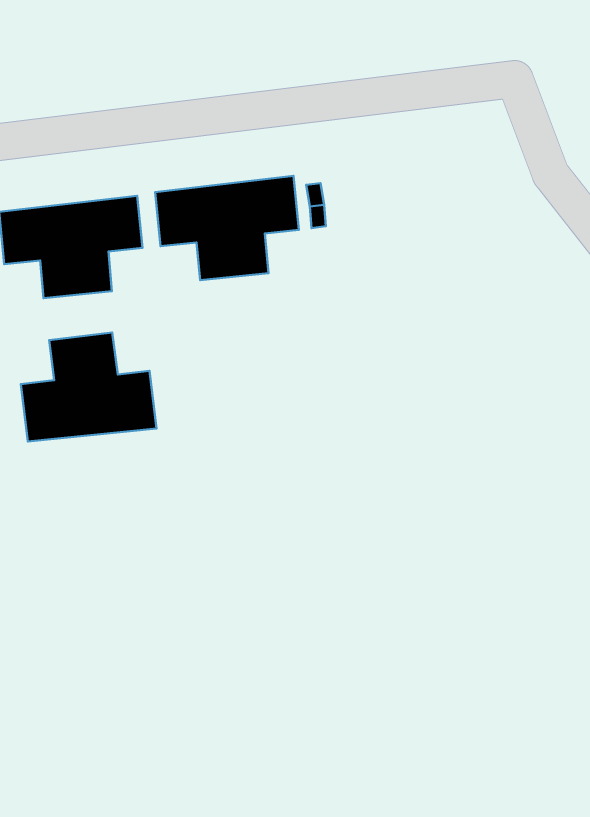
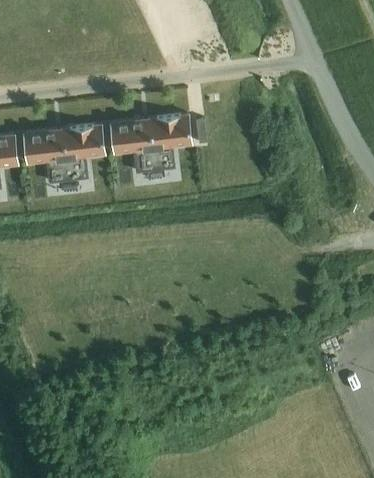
building: [21,333,156,442] -> none

